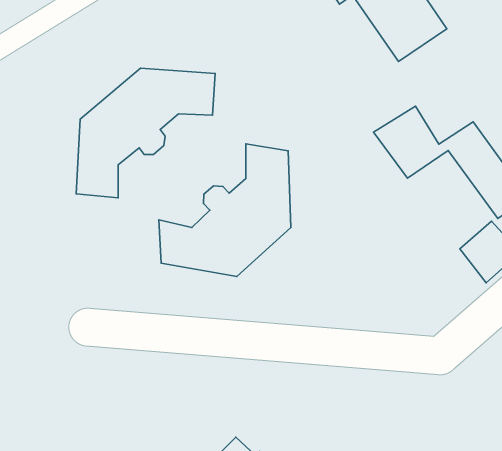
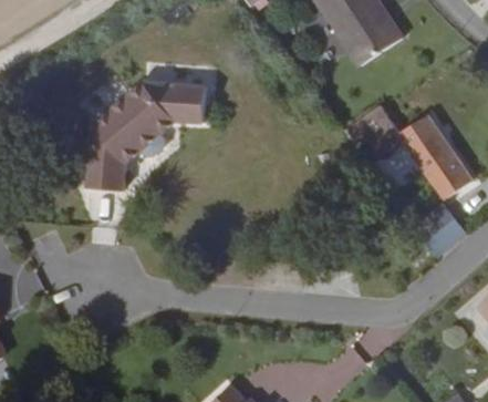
building: [159,144,291,277] -> none

